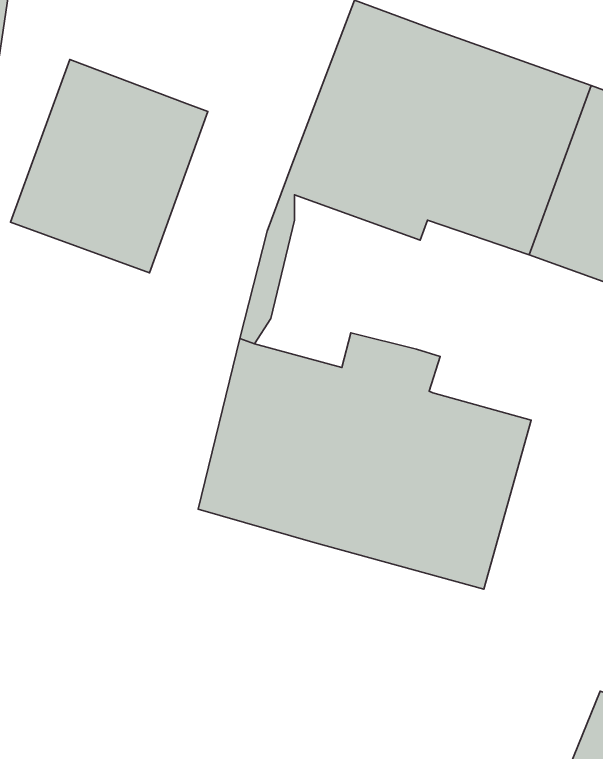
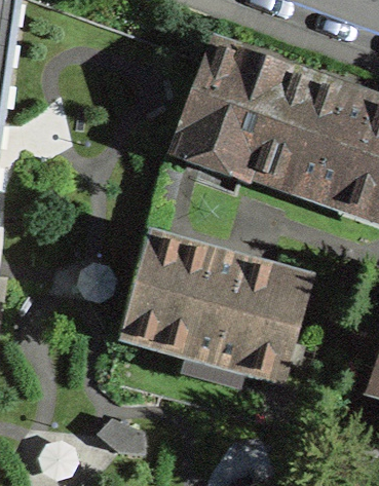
building: [10,59,208,273] -> none

